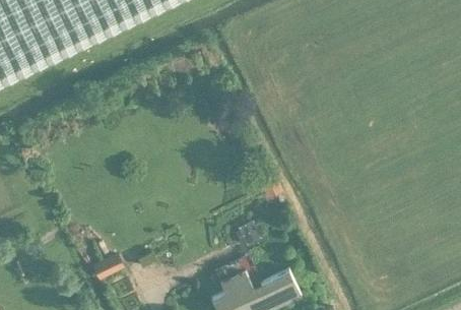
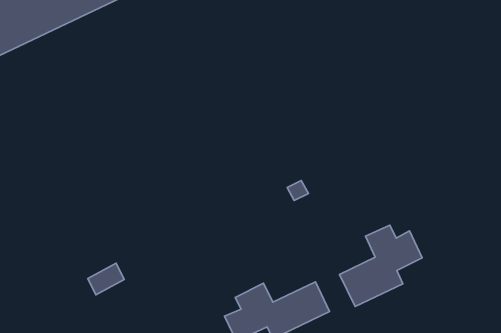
building: none -> [340,225,422,307]

